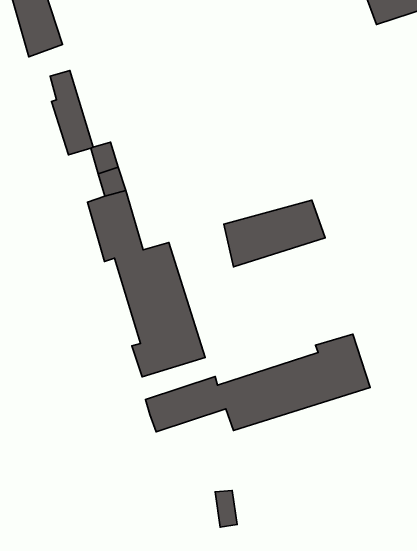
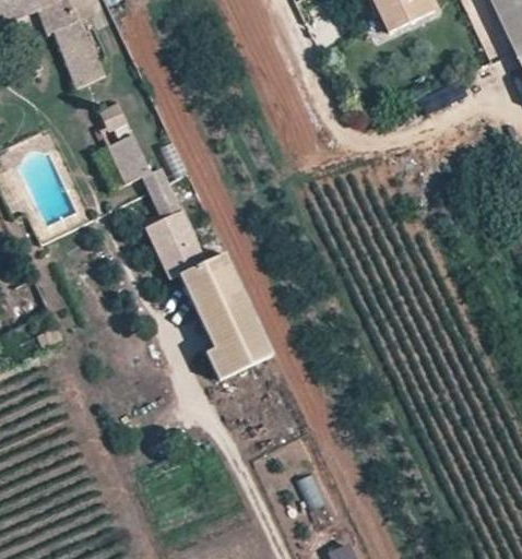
building: [224,200,325,267] -> none
building: [146,334,370,432] -> none

